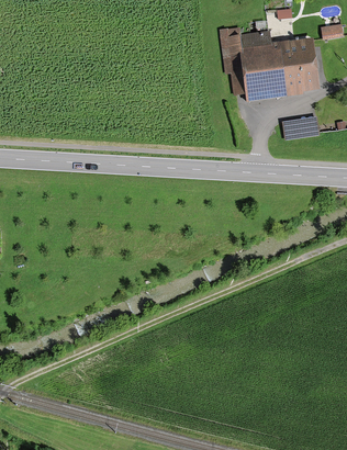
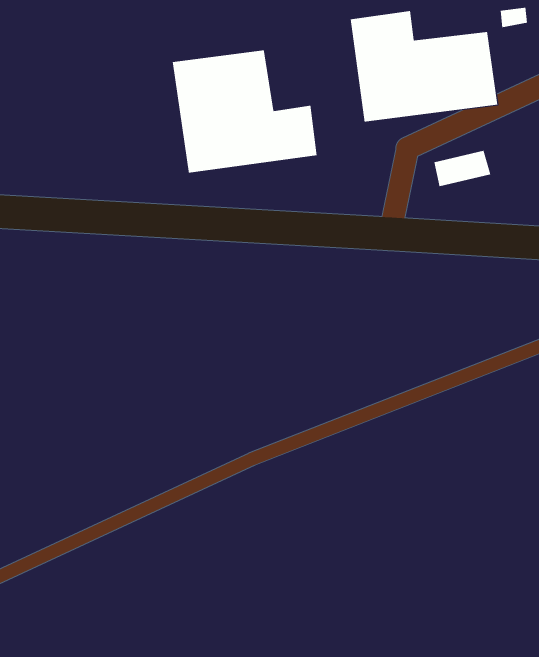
building: none -> [172,50,317,173]

